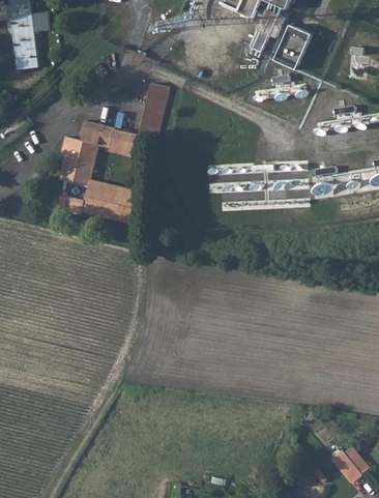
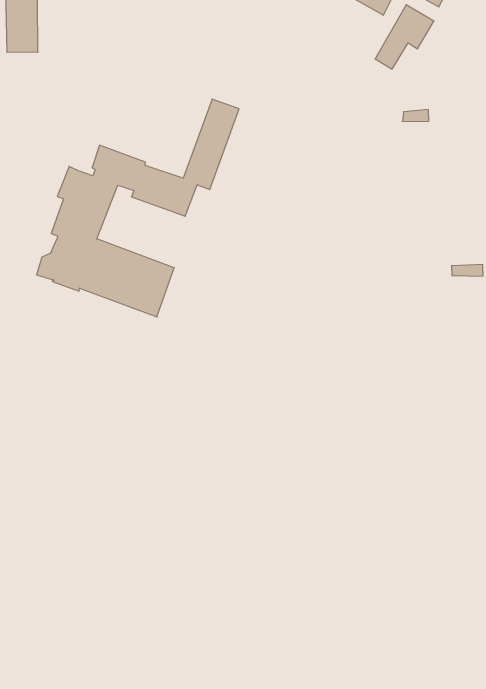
building: [274,24,312,69] -> none

